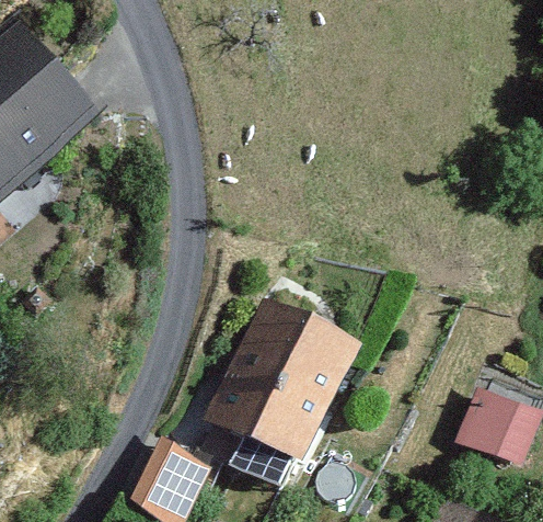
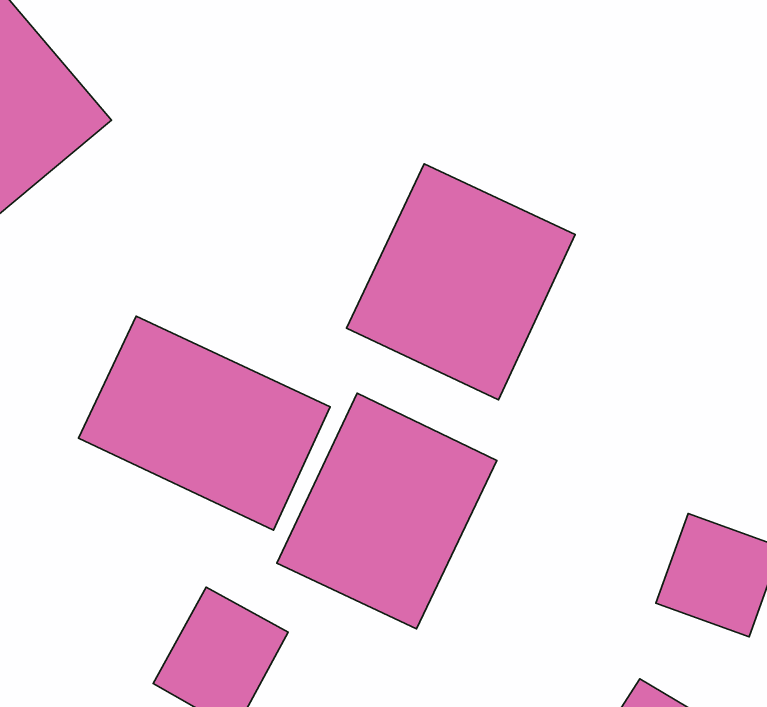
building: none -> [347,164,575,400]
building: none -> [78,316,330,530]

